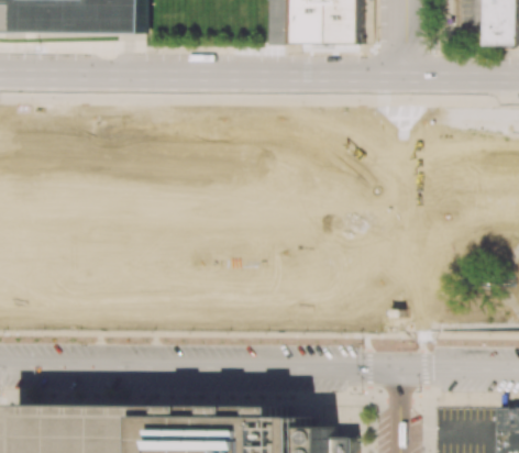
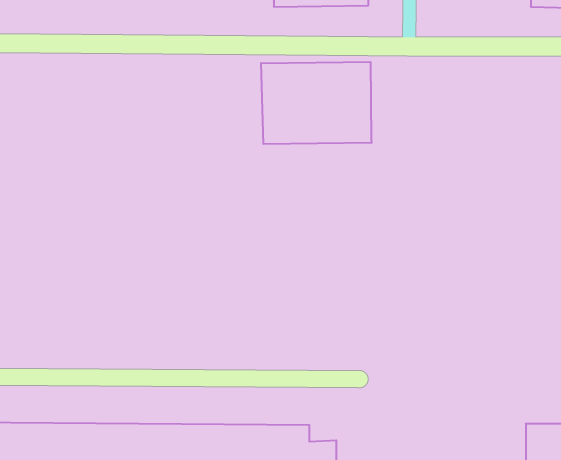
building: none -> [261,62,371,144]

